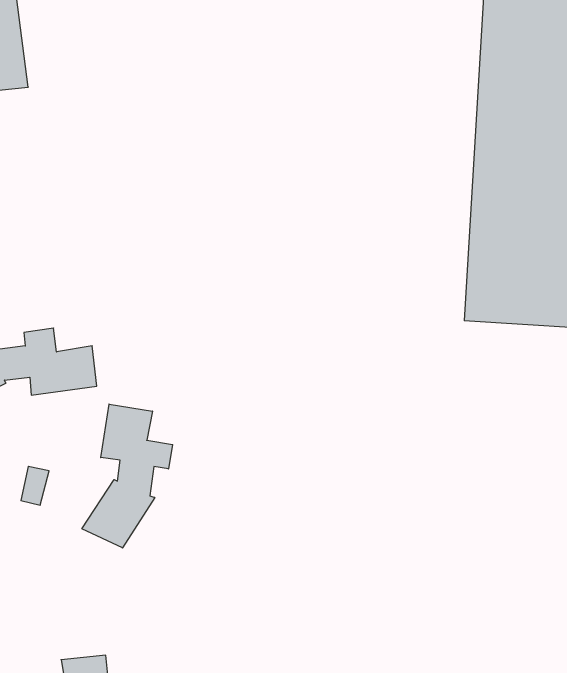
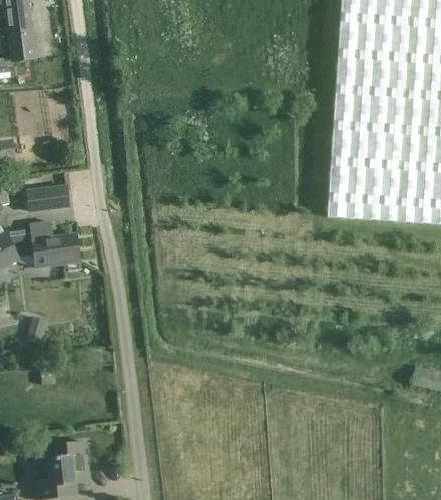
building: none -> [28,185,70,211]
building: [82,404,173,548] -> none

